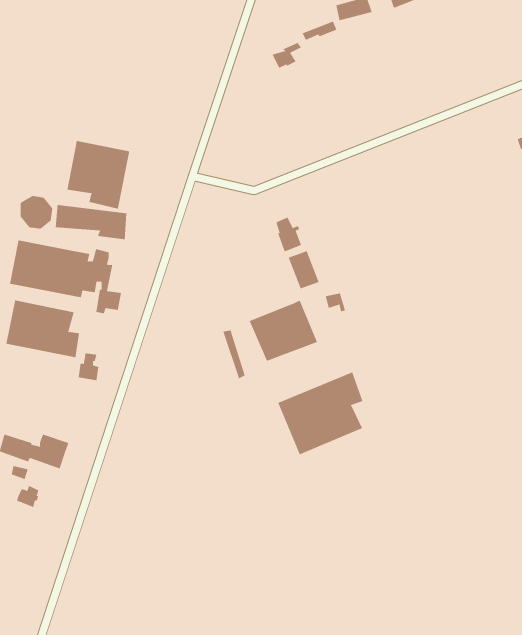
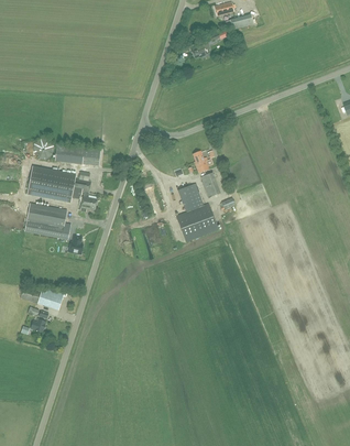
building: [67,140,130,209] -> none
building: none -> [178,183,204,211]
building: [278,372,363,455] -> none

